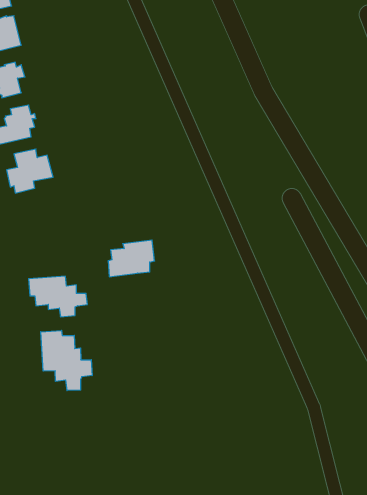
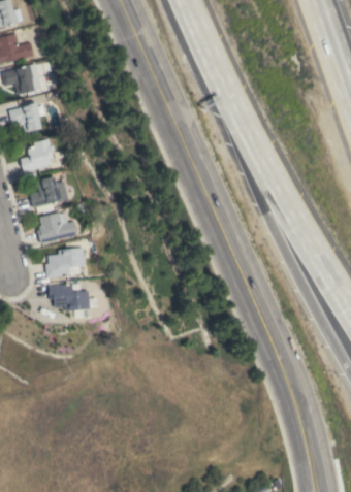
building: none -> [38,211,77,242]
building: [108,240,155,277] -> [45,247,85,277]
building: [41,330,92,391] -> none

